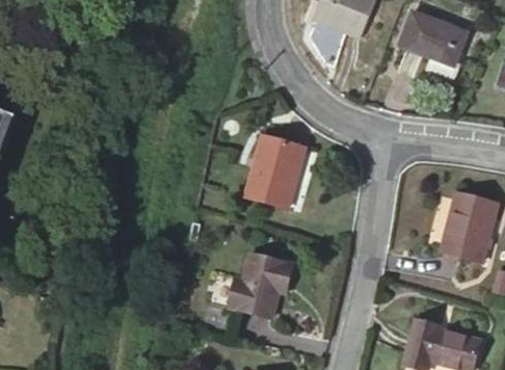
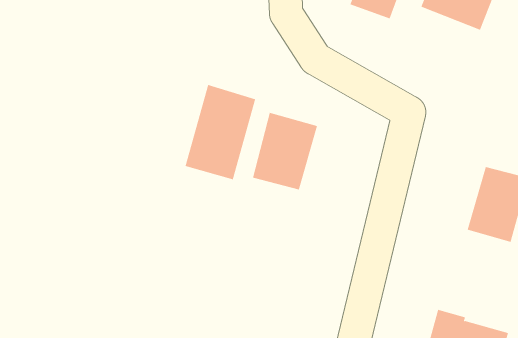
building: none -> [185,84,256,180]
building: [227,249,293,314] -> none

